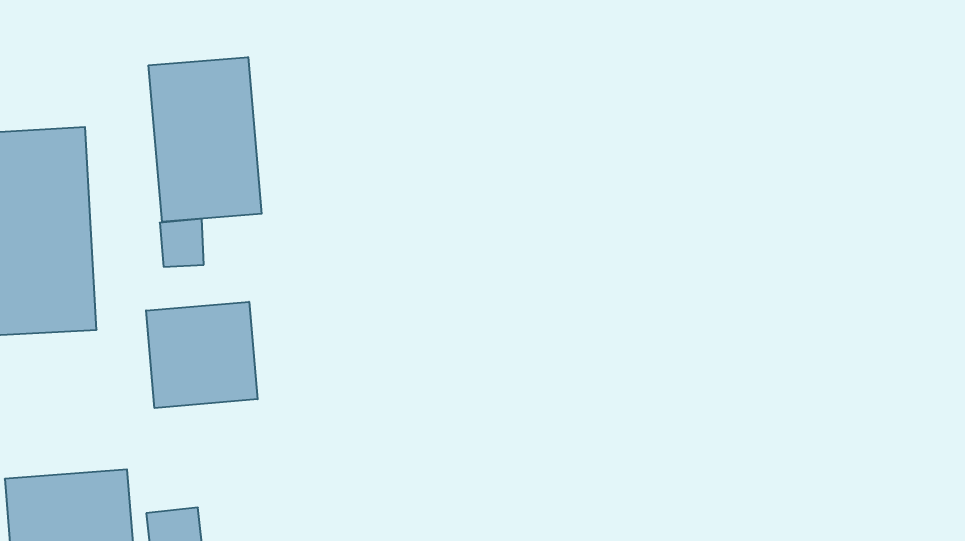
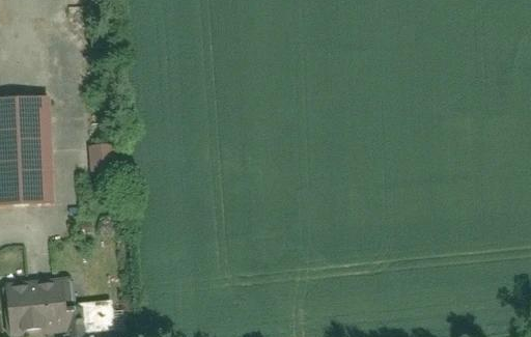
building: [149,57,262,222] -> none
building: [146,302,258,408] -> none

